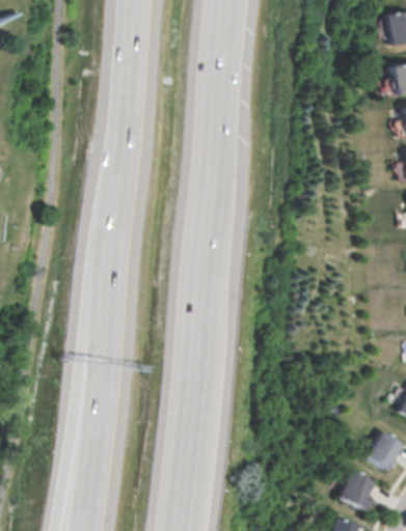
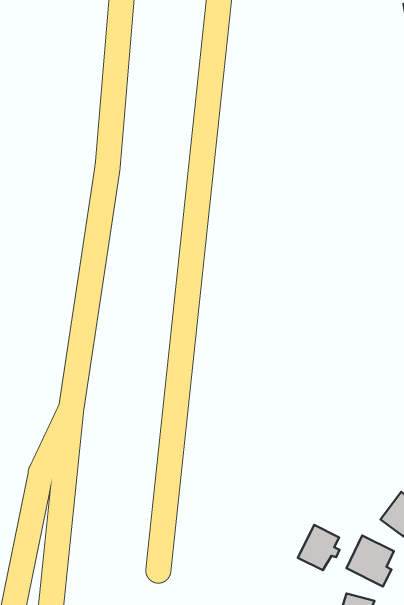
building: none -> [298,525,340,570]

